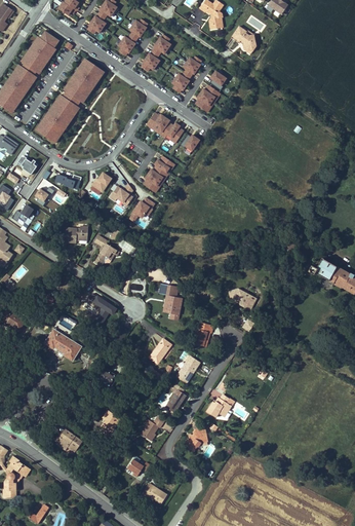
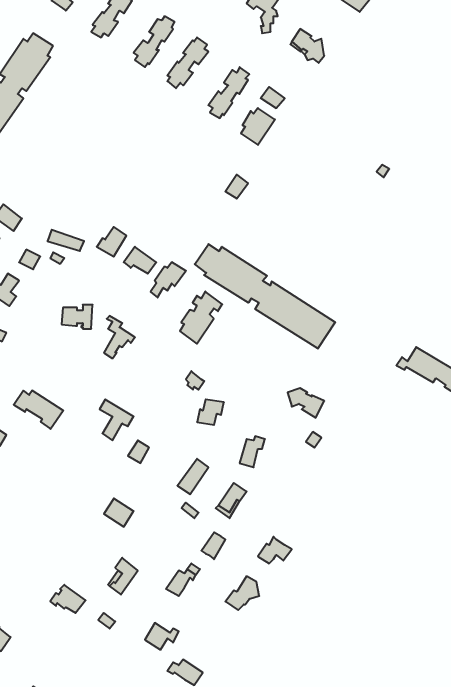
building: [35,58,105,142] -> none
building: [146,112,184,143] -> none
building: [144,154,174,192] -> [180,291,222,344]
building: none -> [195,244,335,349]
building: [45,333,81,361] -> [14,391,63,429]

